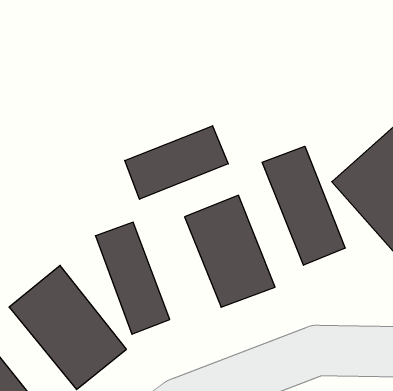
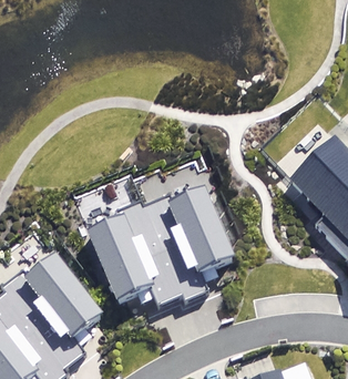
building: [125,126,228,199] -> none
building: [262,146,345,265] -> none

